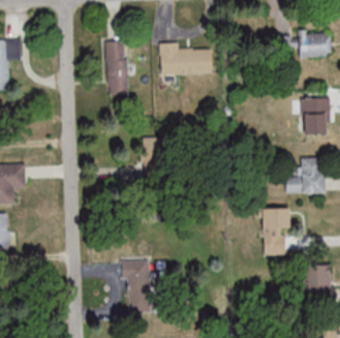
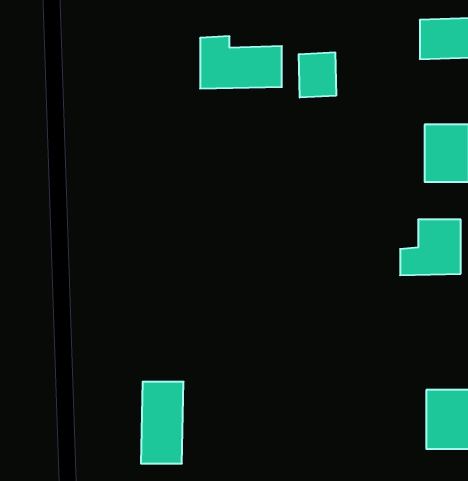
building: [106,40,127,95] -> none
building: none -> [299,52,336,98]
building: [262,208,288,255] -> none

